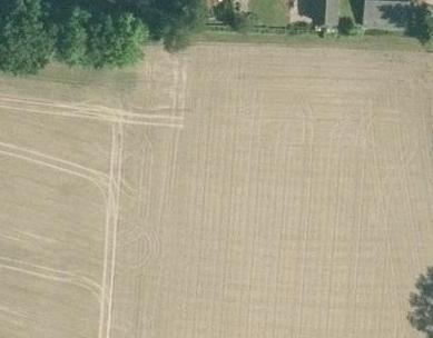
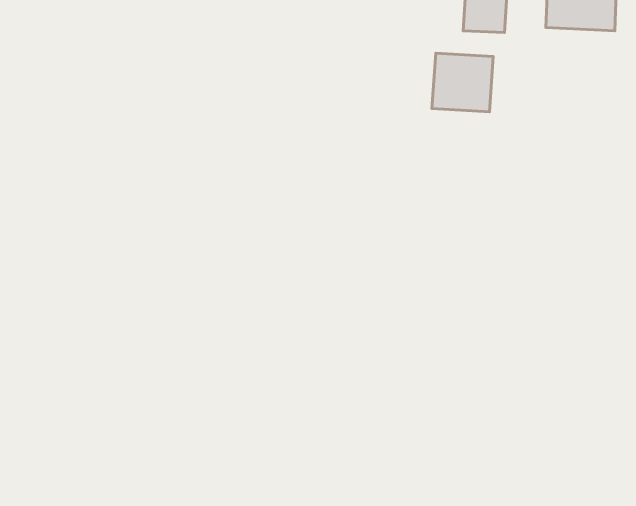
building: none -> [432,53,493,112]

